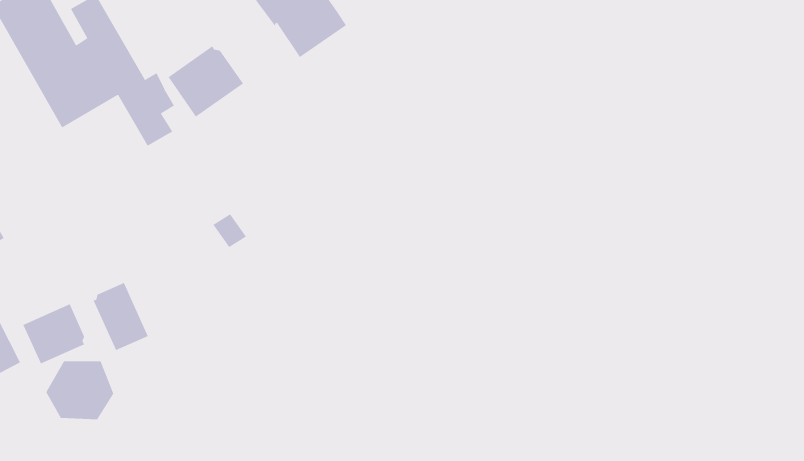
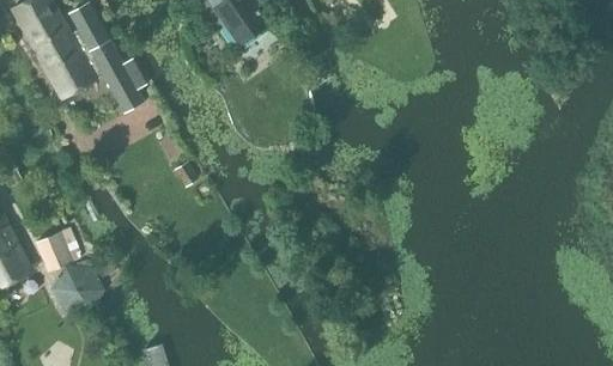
building: [168,45,244,117] -> none
building: [93,282,149,351] -> none

